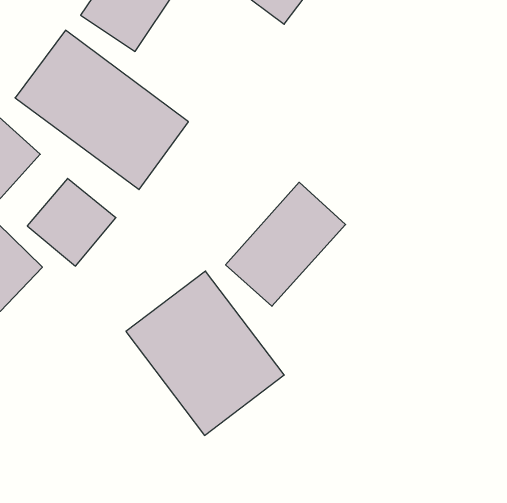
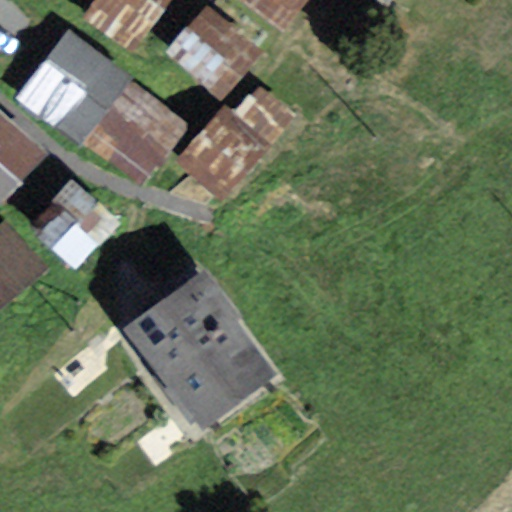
building: none -> [162,4,259,98]
building: [226,182,346,306] -> [174,78,293,201]

